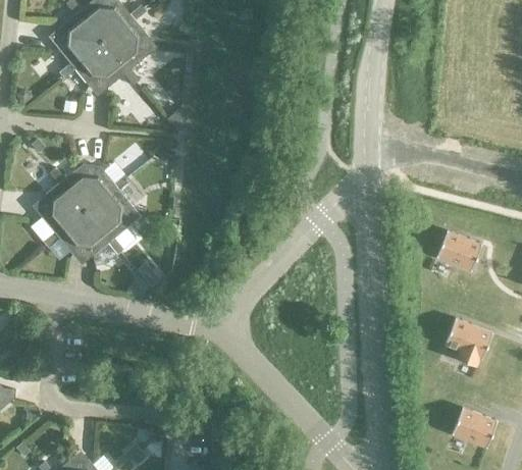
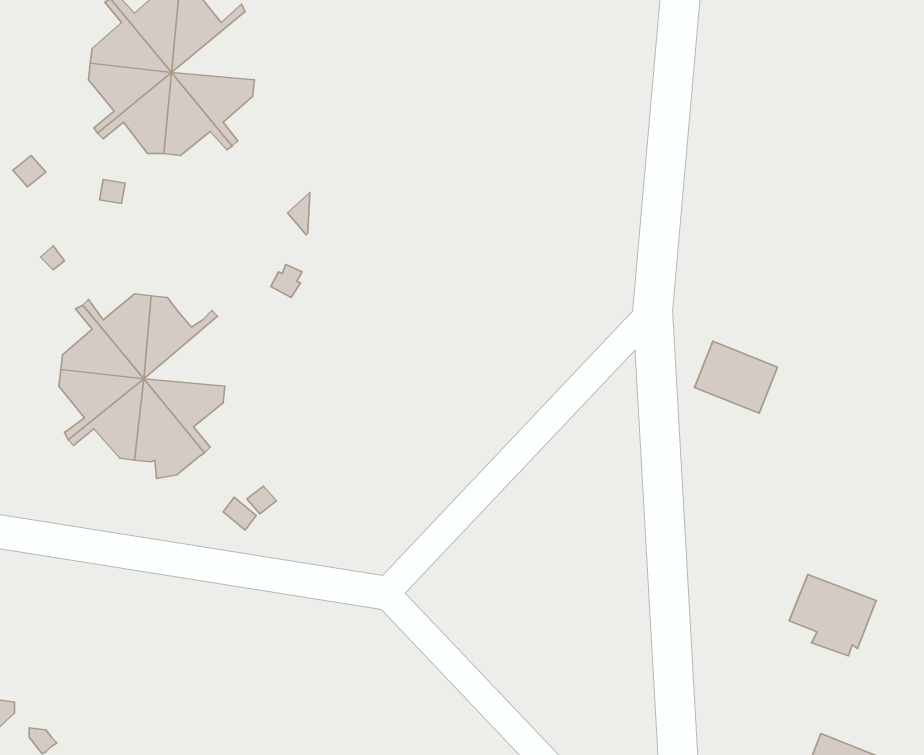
building: [103,9,150,47] -> none
building: [88,177,134,216] -> none
building: [435,231,481,271] -> [694,341,777,413]

